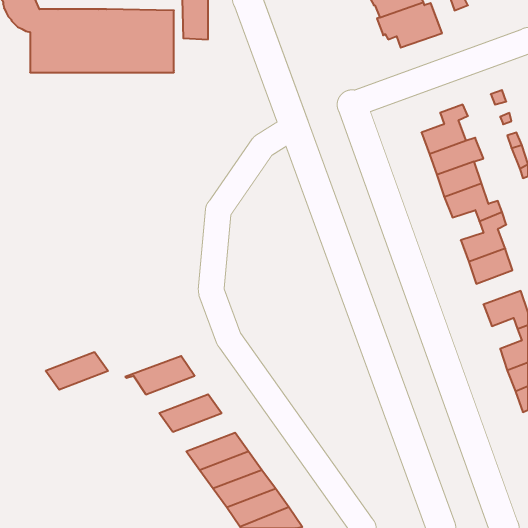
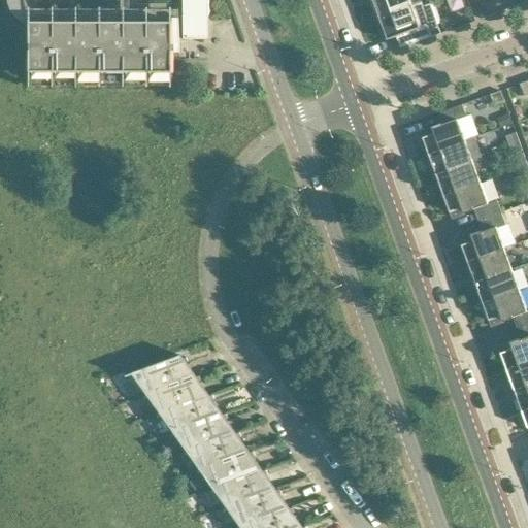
building: none -> [474,269,519,303]
building: [46,352,108,390] -> [145,374,207,411]
building: none -> [172,411,234,450]

